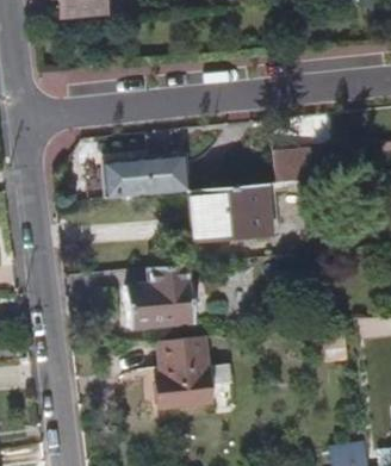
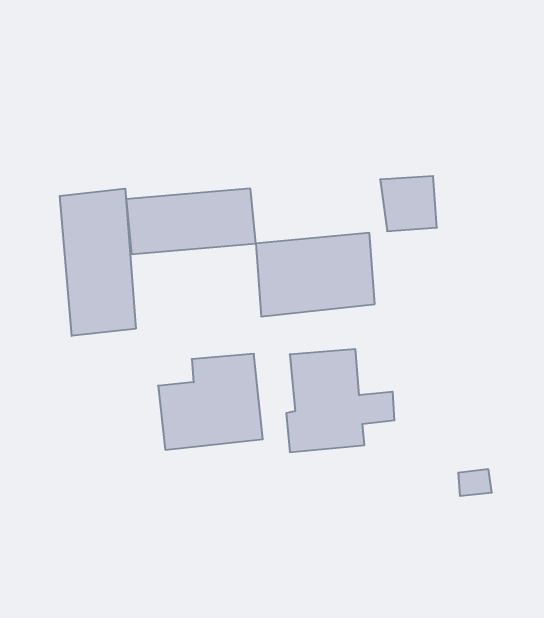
building: none -> [60,189,136,336]
building: [159,336,231,405] -> [286,349,395,452]

